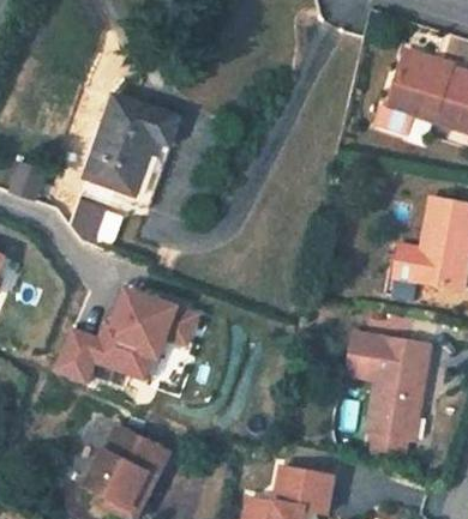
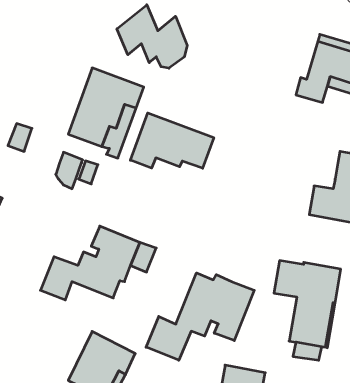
building: none -> [117,5,187,68]
building: none -> [130,113,214,168]
building: none -> [146,273,254,360]

